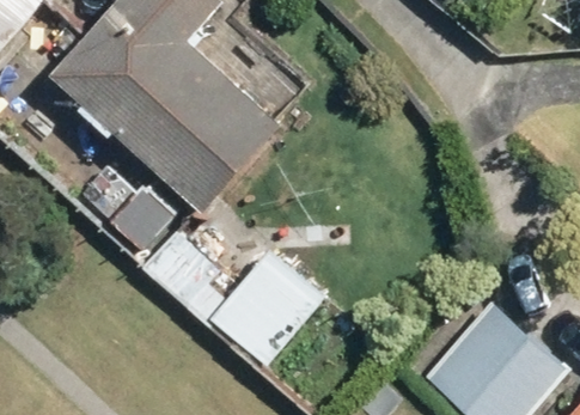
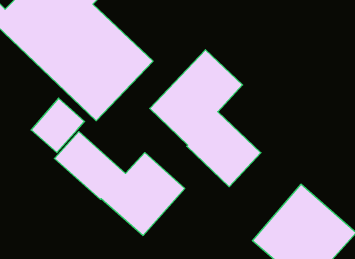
building: none -> [150,50,261,187]

